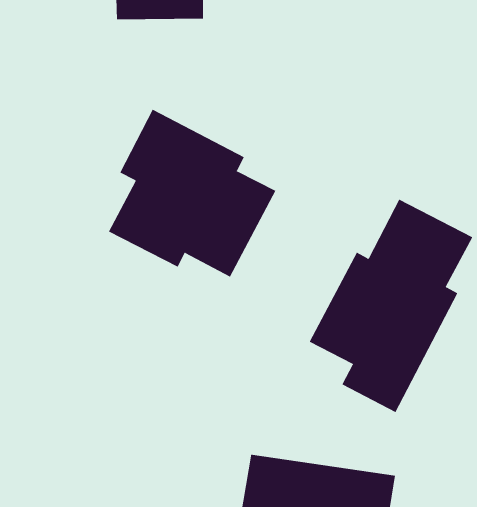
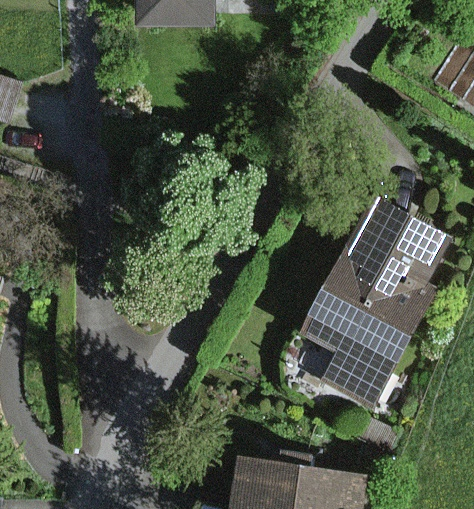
building: [108,109,276,277] -> none

